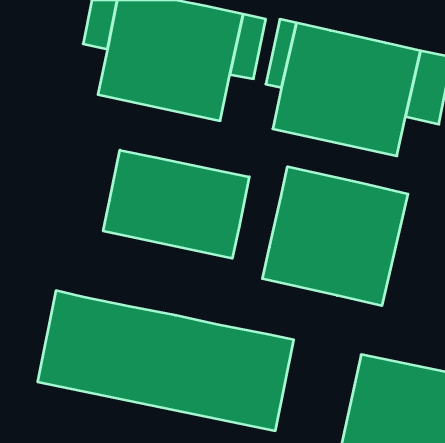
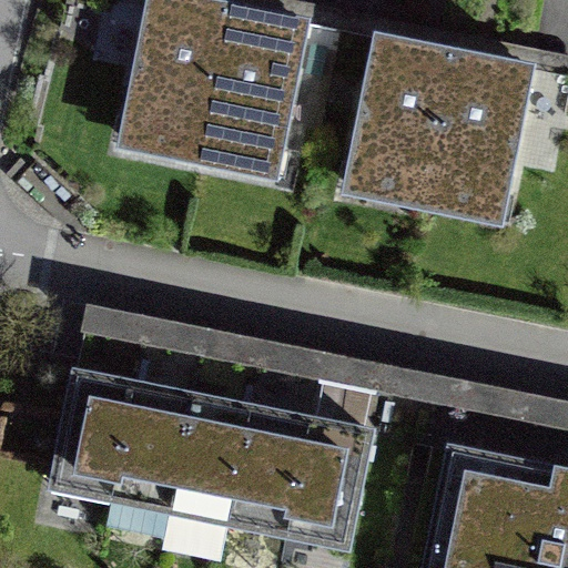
building: [103,150,249,258] -> none
building: [262,167,408,306] -> none

